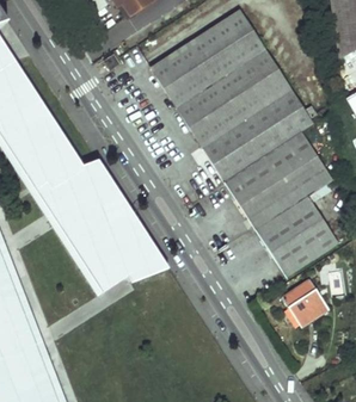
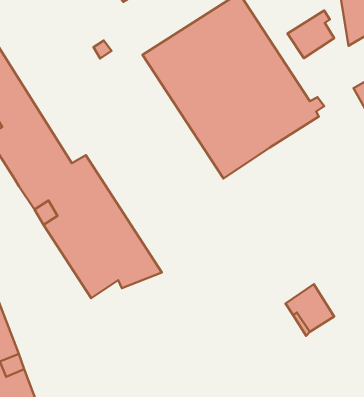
building: none -> [288,10,334,58]
building: [225,130,338,276] -> none

